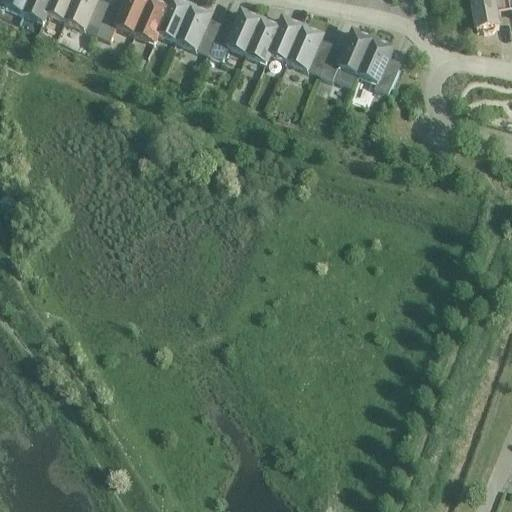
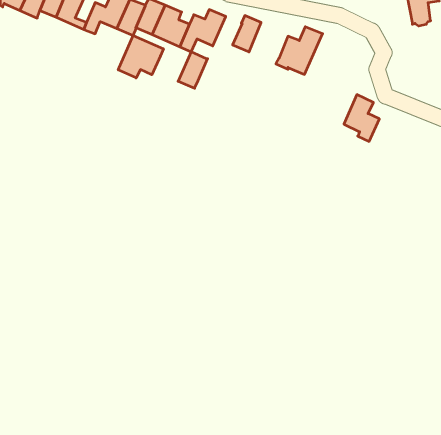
building: [247,19,281,61] -> [178,52,208,88]
building: [289,26,324,74] -> none
building: [359,39,400,93] -> [344,95,379,141]
building: none -> [118,35,163,78]

